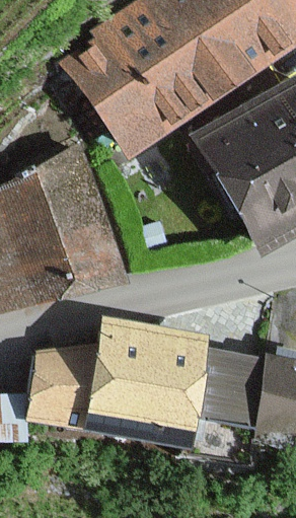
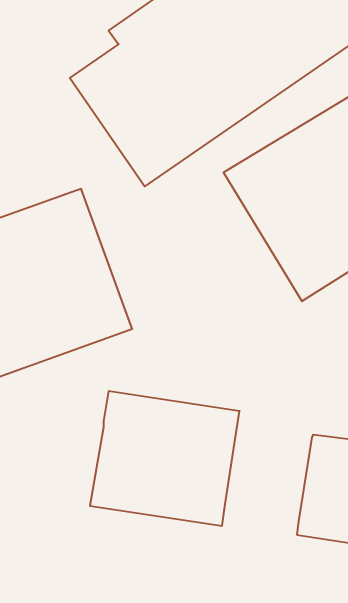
building: [28,345,96,428] -> none
building: [195,349,266,428] -> none

